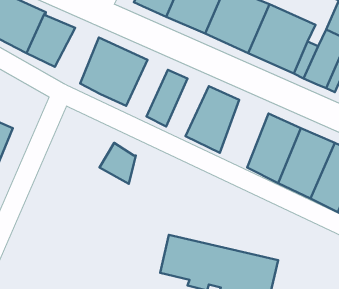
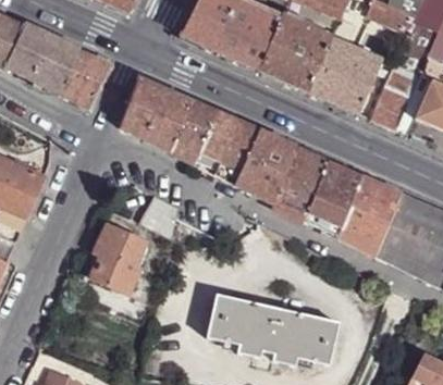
building: none -> [169,99,216,162]
building: none -> [213,120,261,184]
building: none -> [273,144,328,219]
building: none -> [90,222,145,291]

